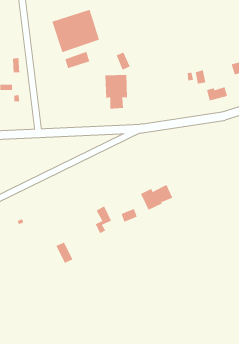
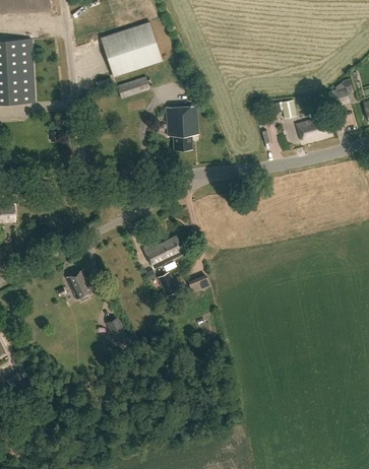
building: [140,184,173,211] -> [142,234,184,268]
building: none -> [65,269,95,299]

